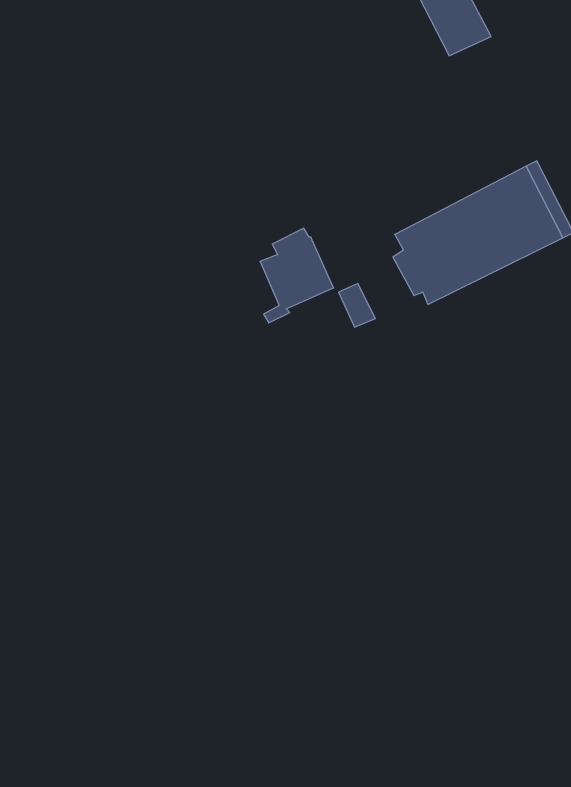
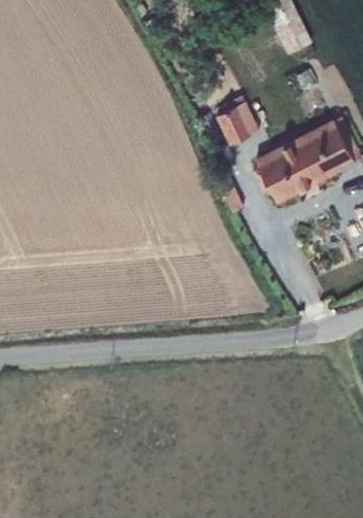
building: [260,228,334,323] -> [216,95,259,150]

